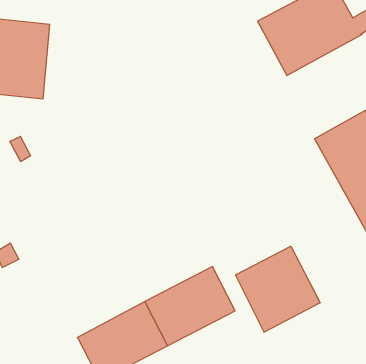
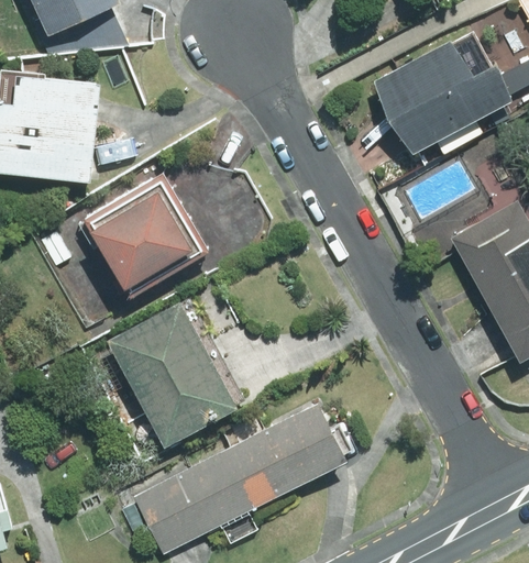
building: none -> [81,177,207,302]
building: none -> [103,301,235,449]
building: [235,246,320,332] -> none

